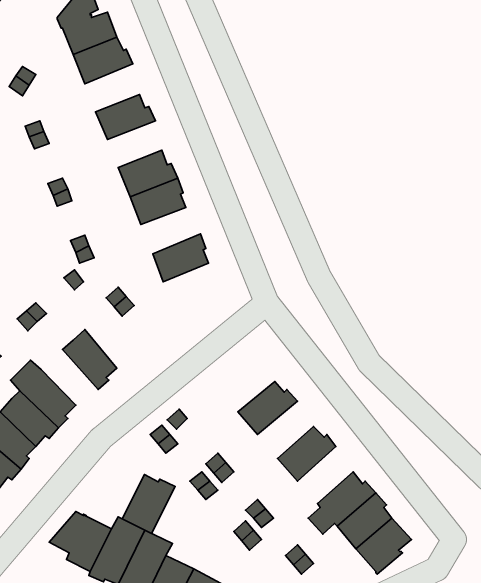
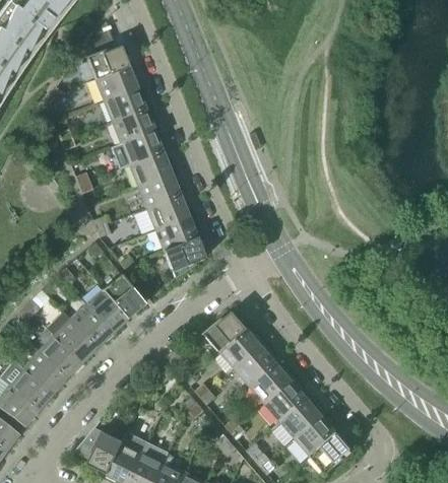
building: none -> [103,86,144,123]
building: none -> [120,130,162,165]
building: none -> [145,196,191,231]
building: none -> [163,238,204,279]
building: none -> [103,275,144,319]
building: none -> [69,304,113,347]
building: none -> [203,313,248,352]
building: none -> [235,344,277,388]
building: none -> [265,378,308,422]
building: [122,475,175,533] -> none

